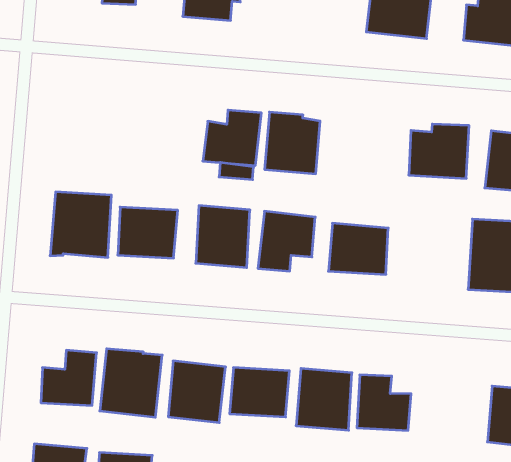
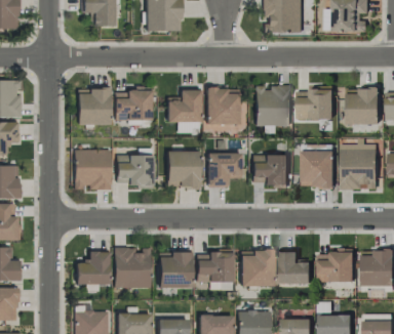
building: none -> [76,88,109,125]
building: none -> [114,89,151,120]
building: none -> [254,86,291,126]
building: none -> [302,151,334,187]
building: none -> [318,252,355,283]

